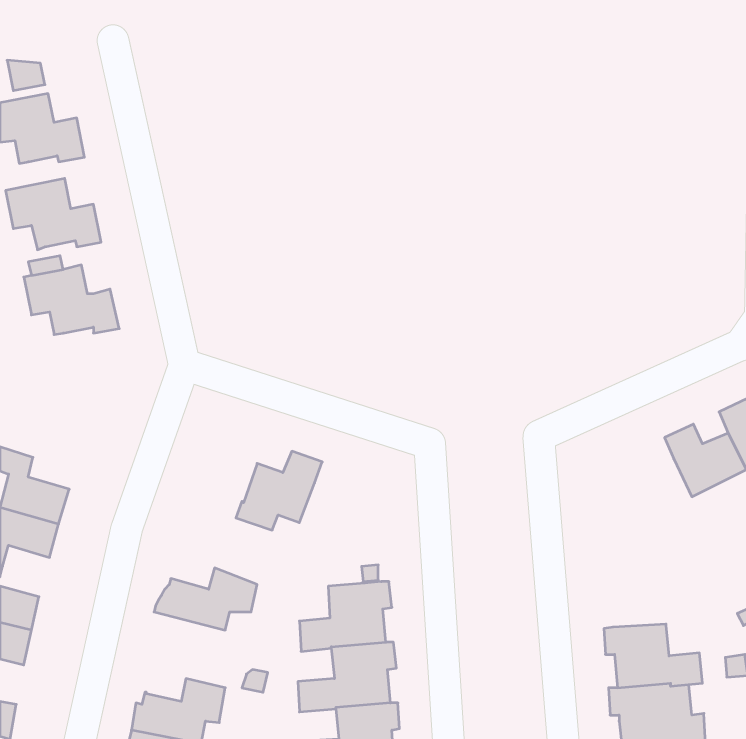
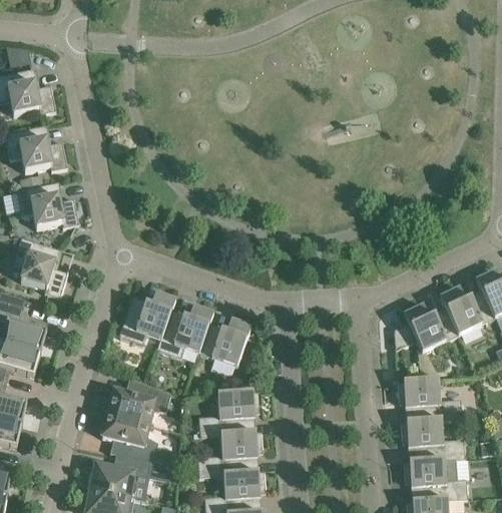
building: none -> [13,237,68,298]
building: none -> [118,293,175,345]
building: none -> [393,305,458,354]
building: none -> [198,319,250,367]
building: none -> [397,380,462,422]
building: none -> [101,412,158,463]

